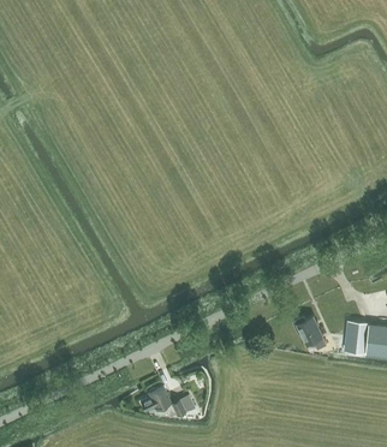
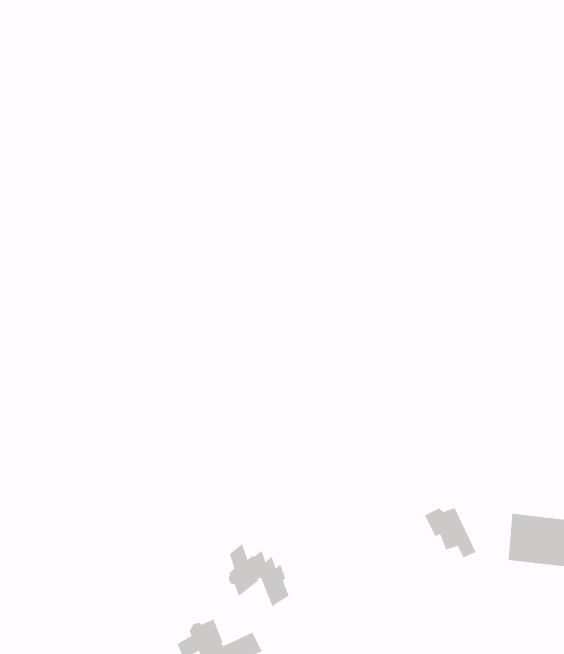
building: none -> [228,543,290,607]

